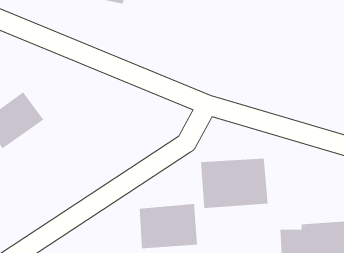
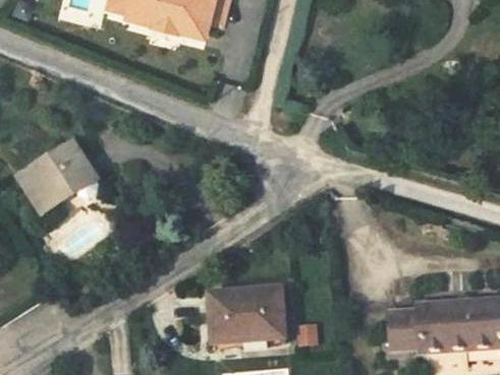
building: [201,158,268,209] -> none

